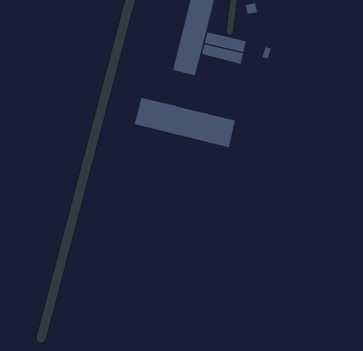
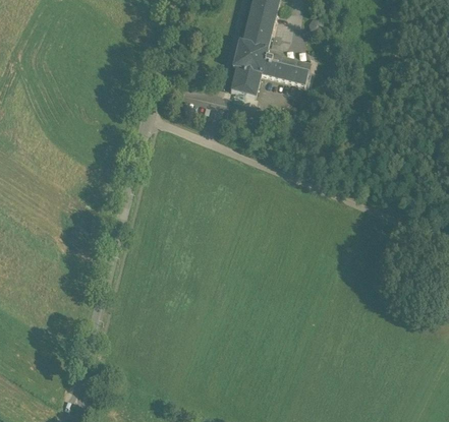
building: [134,97,236,148] -> none

